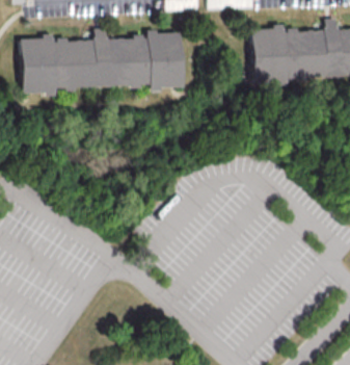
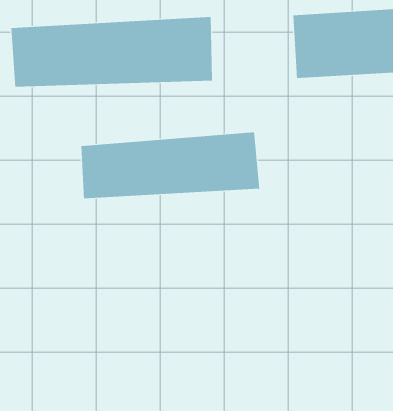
building: none -> [81,131,260,199]

